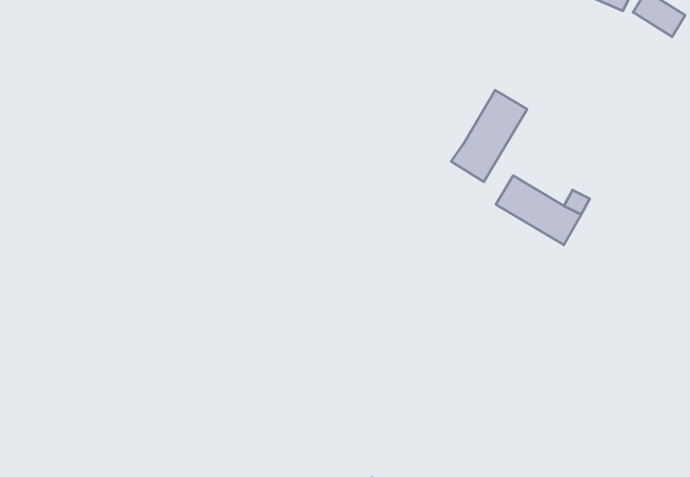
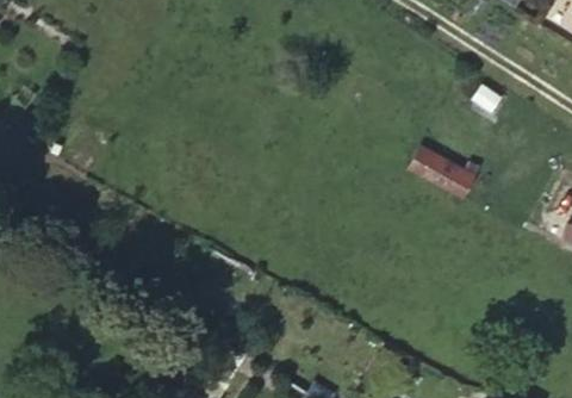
building: [451,90,527,182] -> none

